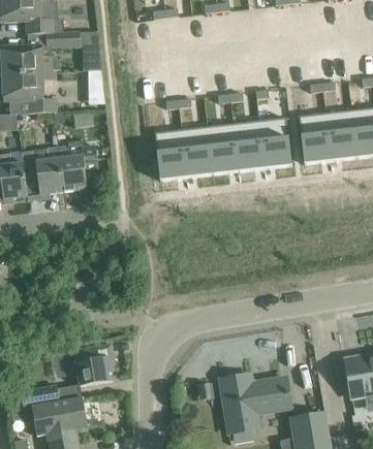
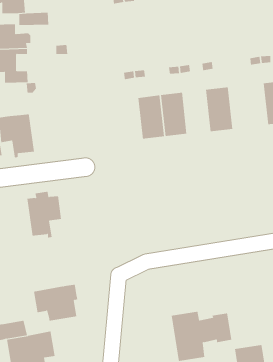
building: [299,114,331,164] -> none
building: [234,121,265,171] -> none
building: [154,130,187,181] -> none
building: [58,140,98,194] -> [27,191,62,238]

